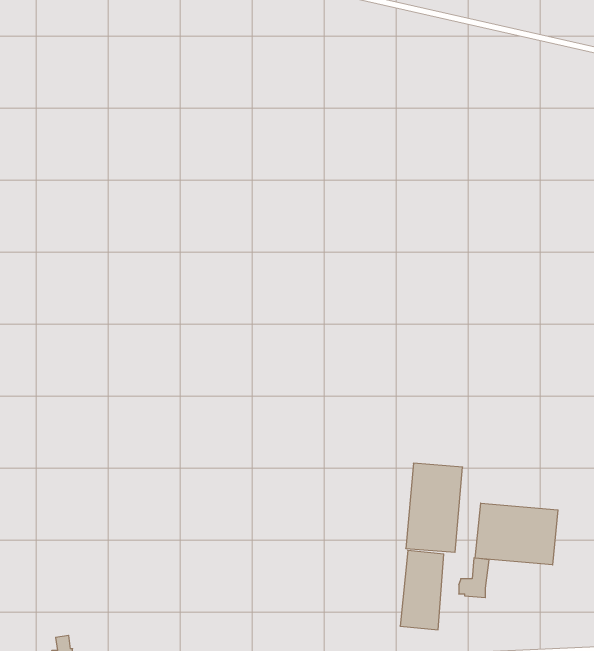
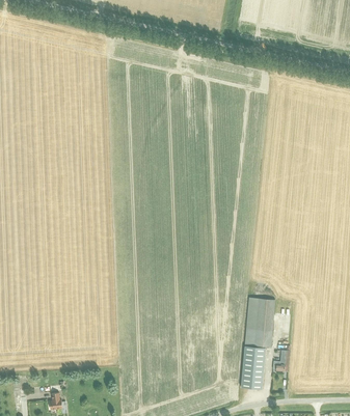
building: [475,503,558,565] -> none

